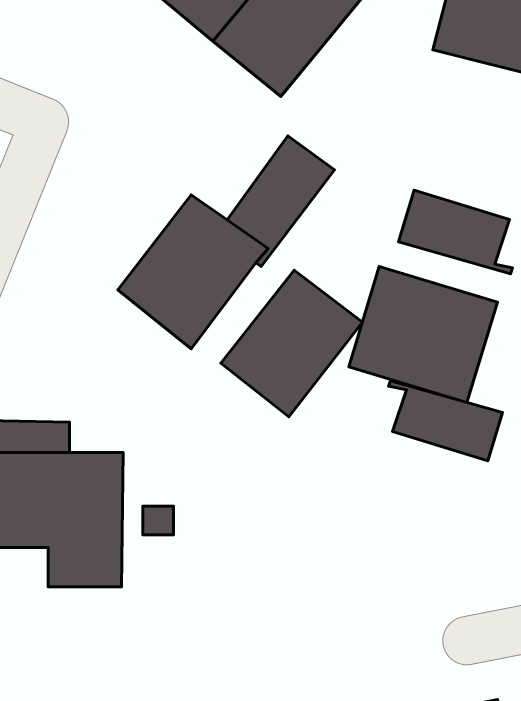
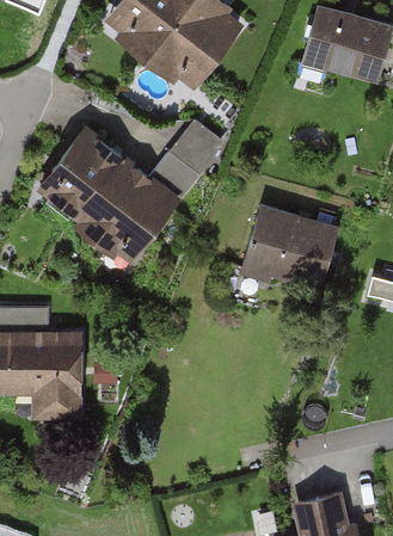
building: [399,190,513,274] -> none
building: [221,270,362,417] -> [38,123,133,221]
building: [389,381,503,461] -> none

